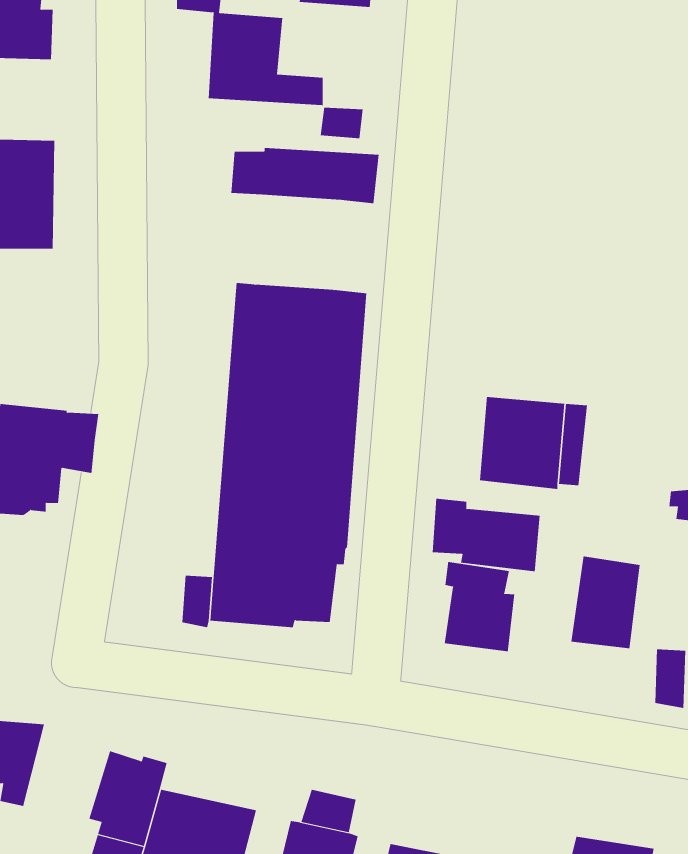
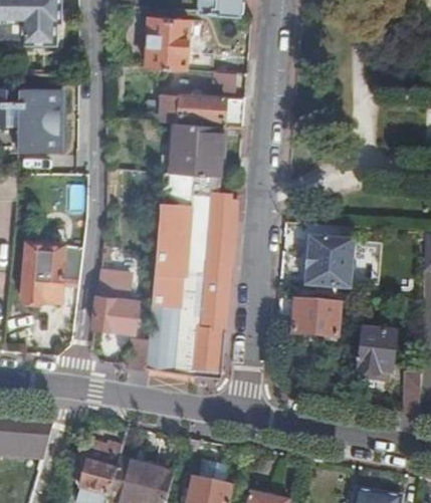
building: none -> [174,120,223,175]
building: none -> [93,272,139,329]
building: [444,561,515,652] -> none

